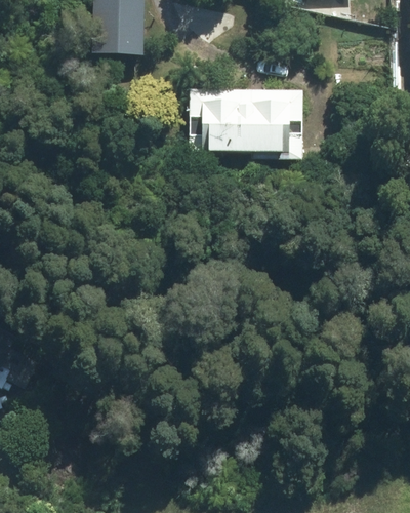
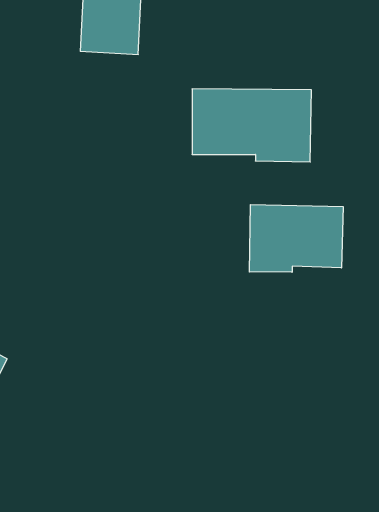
building: none -> [249,205,343,272]

